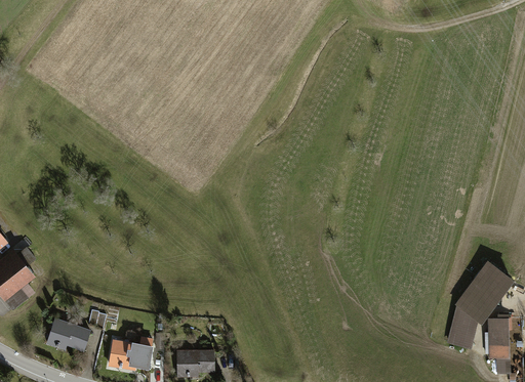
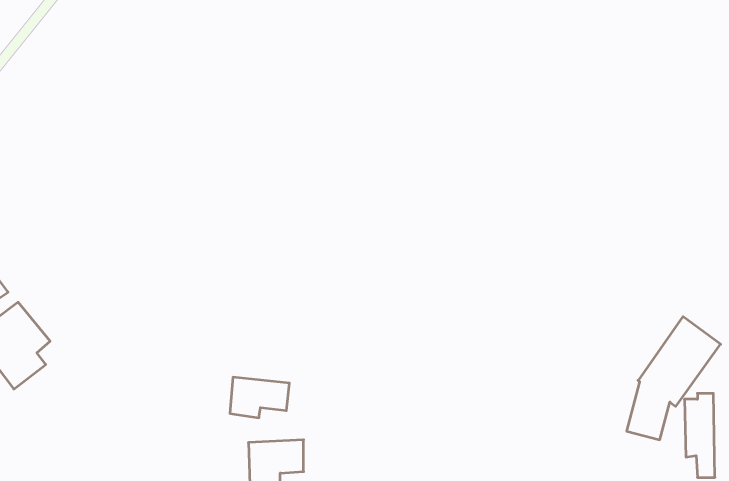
building: [48,317,91,353] -> none
building: [111,341,153,370] -> [230,377,289,418]

